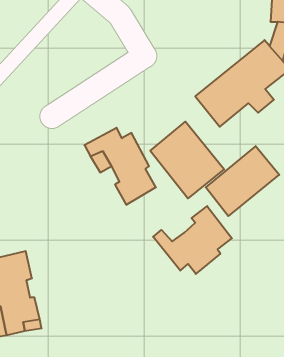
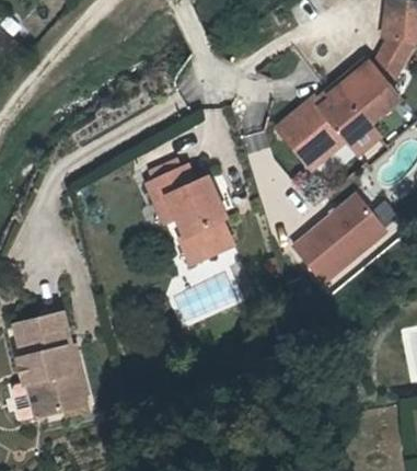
building: [150,122,224,198] -> none
building: [153,206,232,274] -> none

